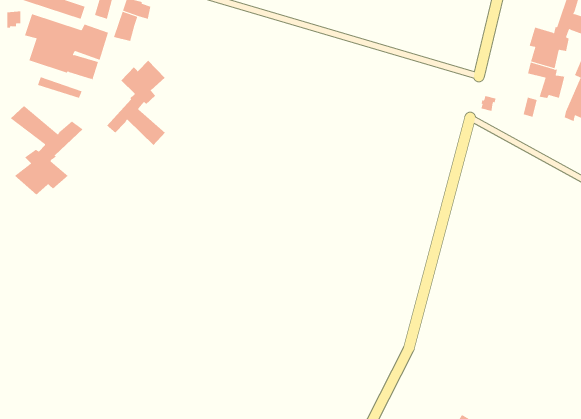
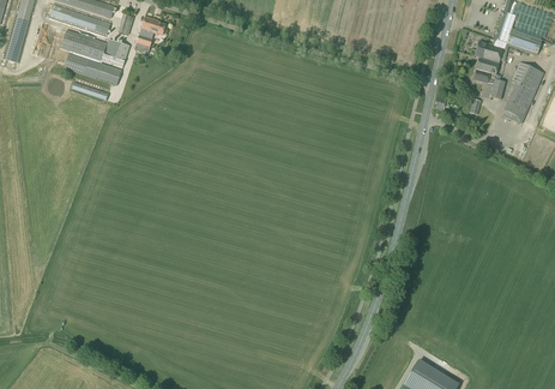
building: [106,60,166,146] -> none
building: [10,105,83,195] -> none

